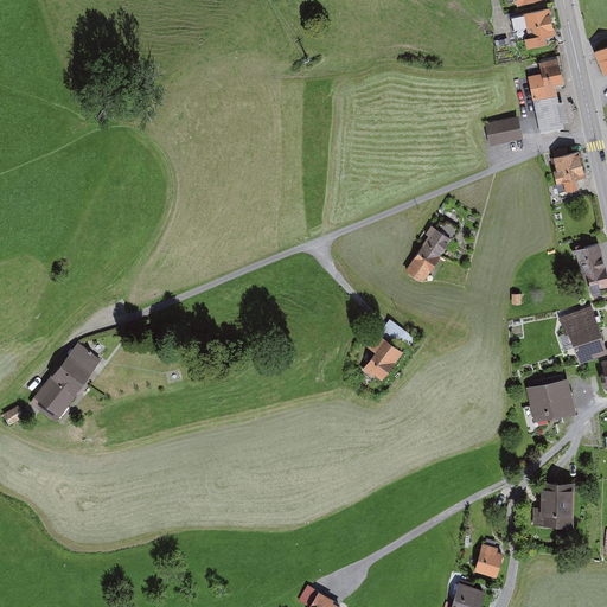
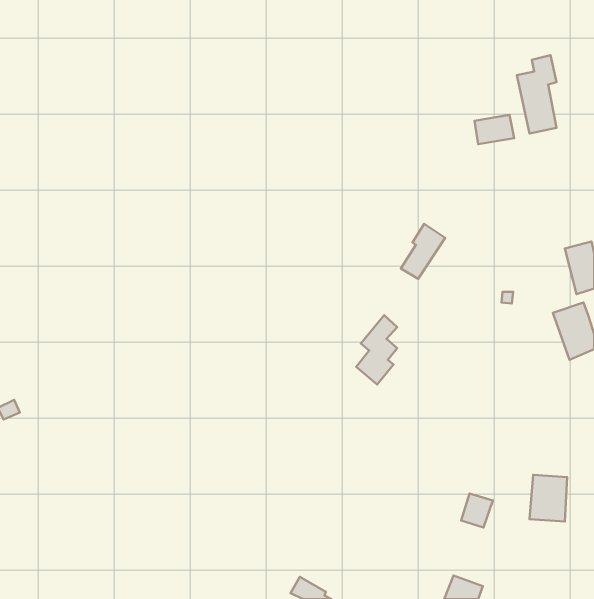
building: [522,6,557,50] -> none
building: [552,151,587,193] -> none
building: [38,346,100,415] -> none
building: [524,381,575,424] -> none
building: [473,543,505,577] -> [461,494,493,528]

